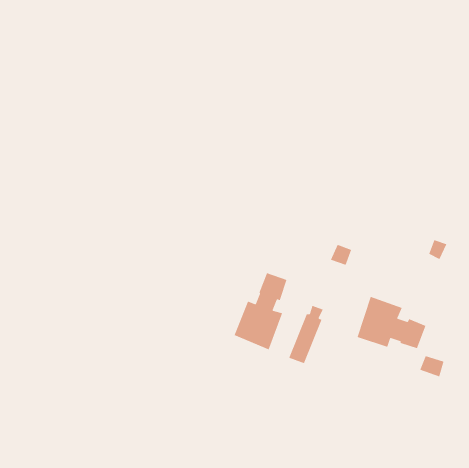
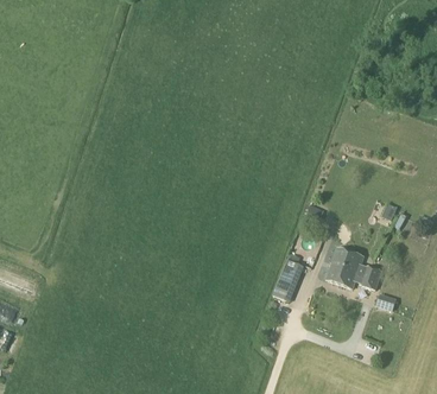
building: [233,272,288,350] -> none

